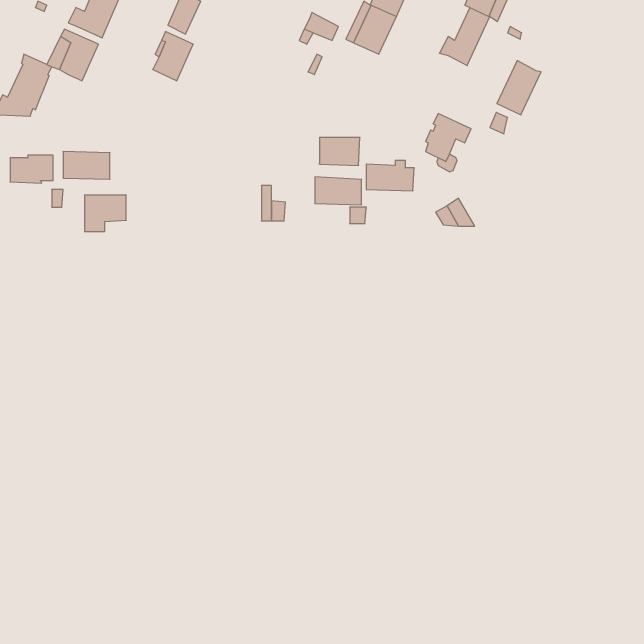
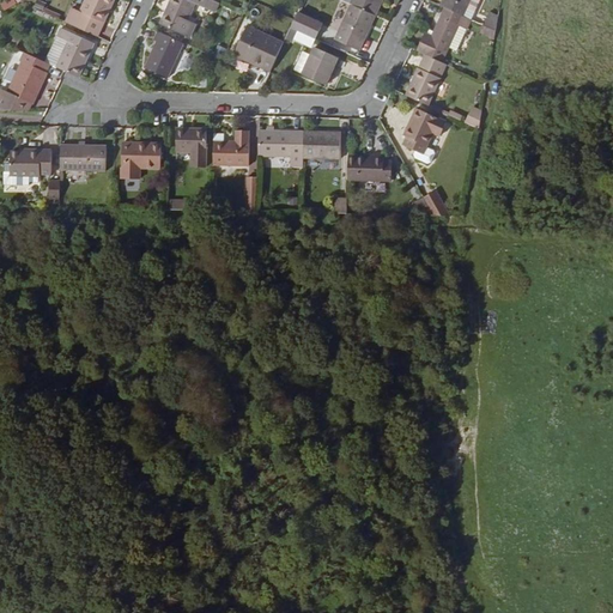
building: none -> [232,26,281,72]
building: none -> [302,48,340,85]
building: [497,61,541,115] -> [406,53,448,104]
building: none -> [176,127,206,164]
building: none -> [212,128,249,164]
building: [315,177,362,205] -> [259,128,303,154]
building: [85,195,126,232] -> [121,141,160,176]

